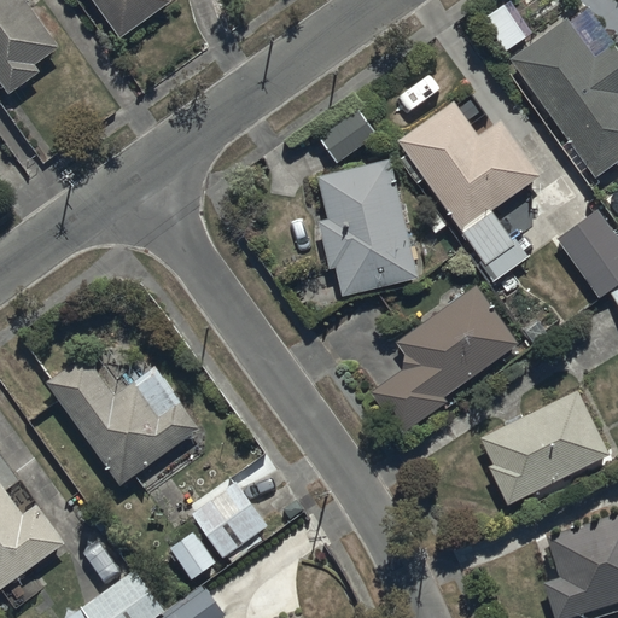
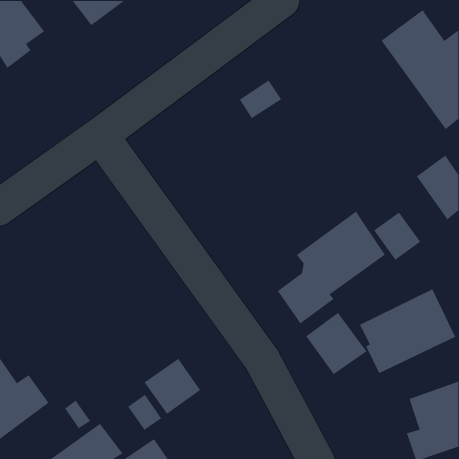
building: [397,100,542,284] -> none
building: [317,158,419,297] -> none
building: none -> [373,212,421,261]
building: [45,354,200,486] -> none
building: none -> [305,312,367,375]

